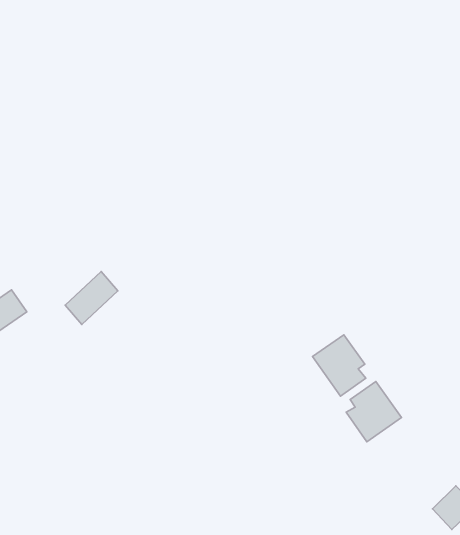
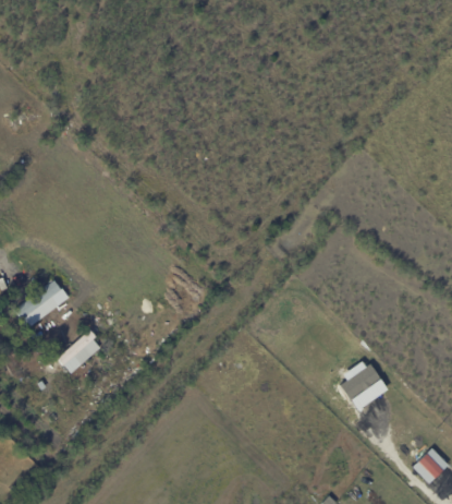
building: [65,272,118,324] -> [57,329,101,374]
building: [312,335,366,396] -> none

